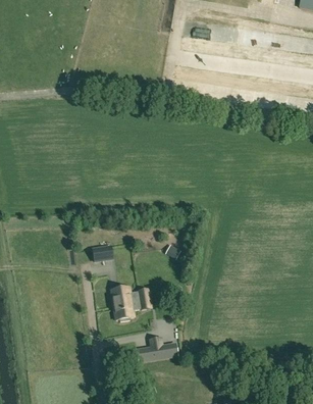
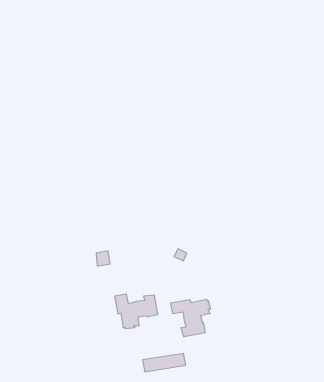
building: none -> [171,299,211,337]

